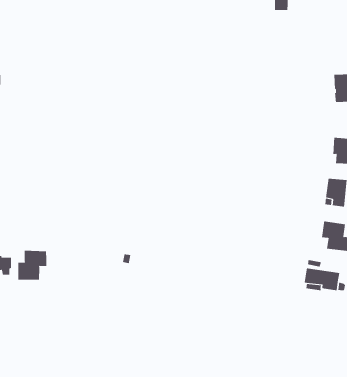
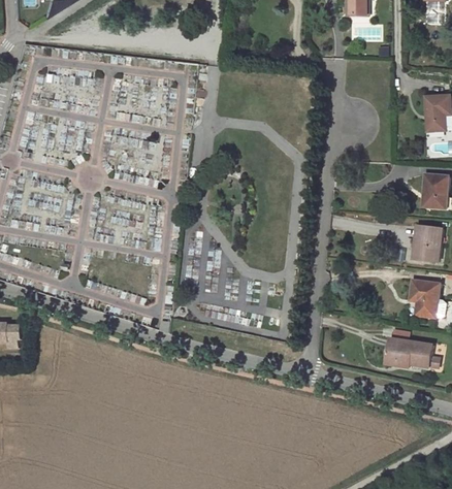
building: [18,250,47,281] -> none

